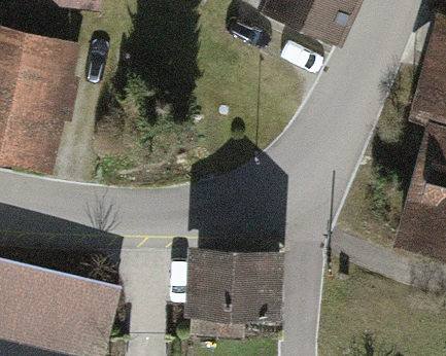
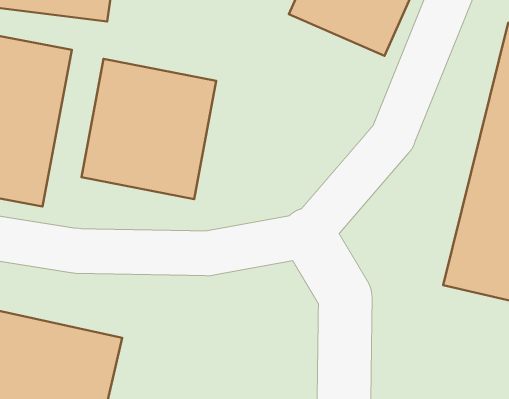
building: none -> [81,59,216,199]
building: [177,248,282,314] -> none

